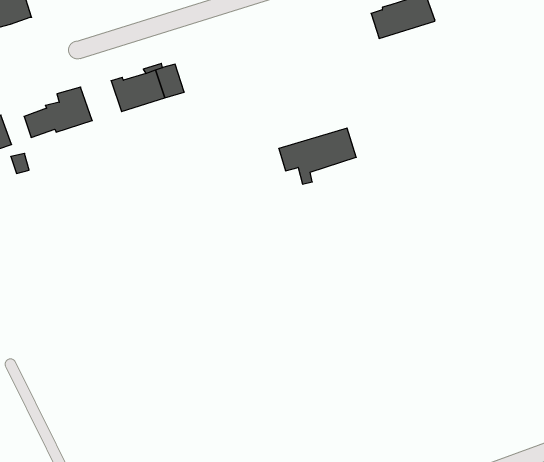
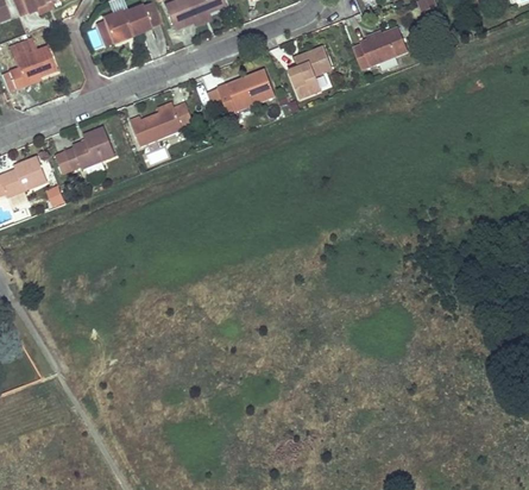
building: none -> [290,46,333,99]
building: [279,128,356,184] -> [208,70,276,121]

